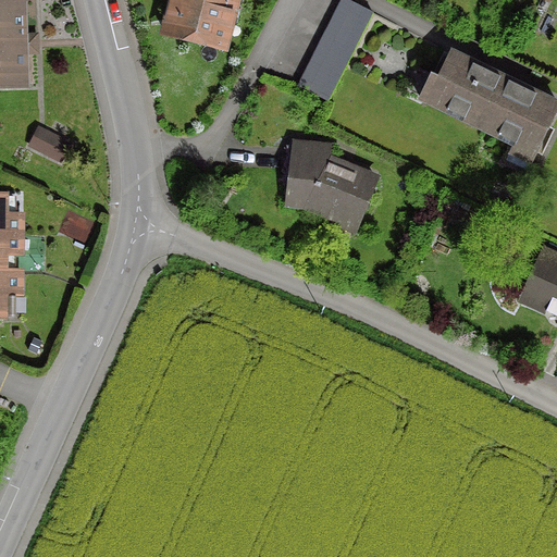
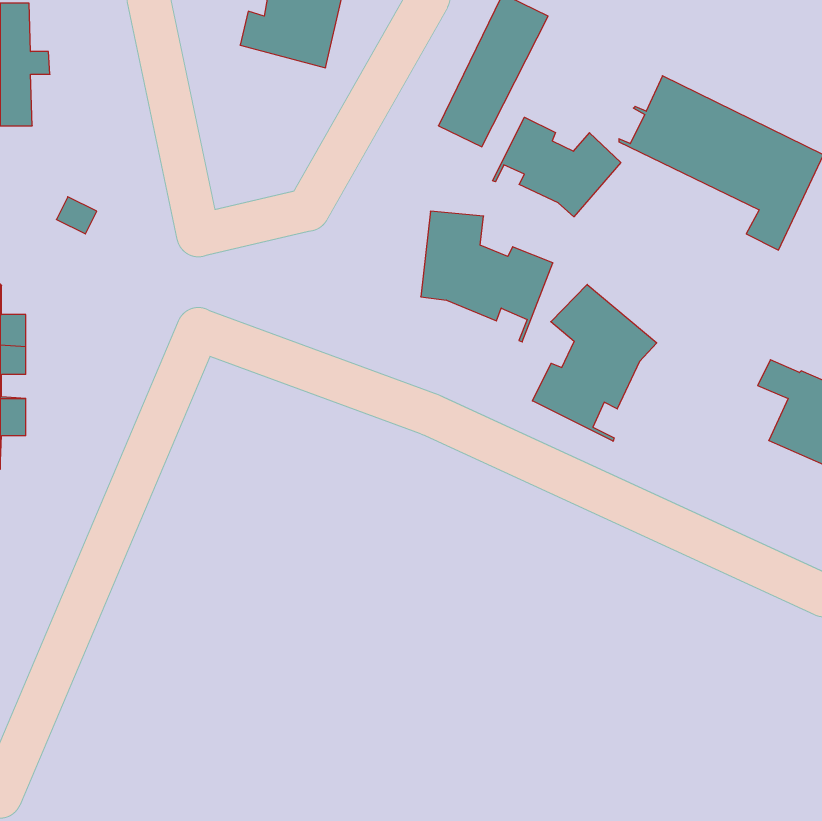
building: none -> [493,117,621,217]
building: none -> [532,284,657,441]

